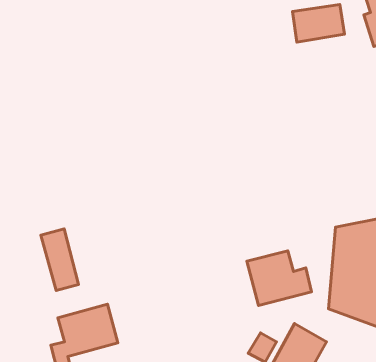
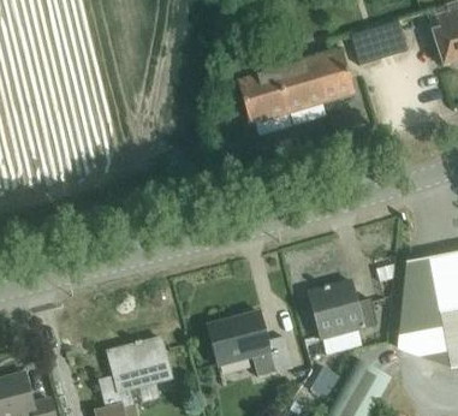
building: none -> [237,50,355,125]
building: [41,229,79,290] -> none
building: none -> [207,313,291,378]

